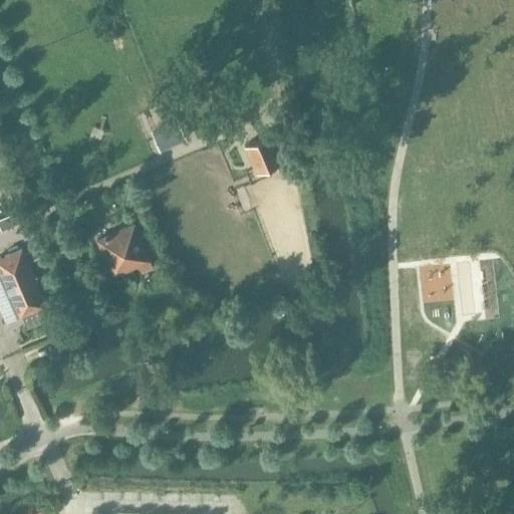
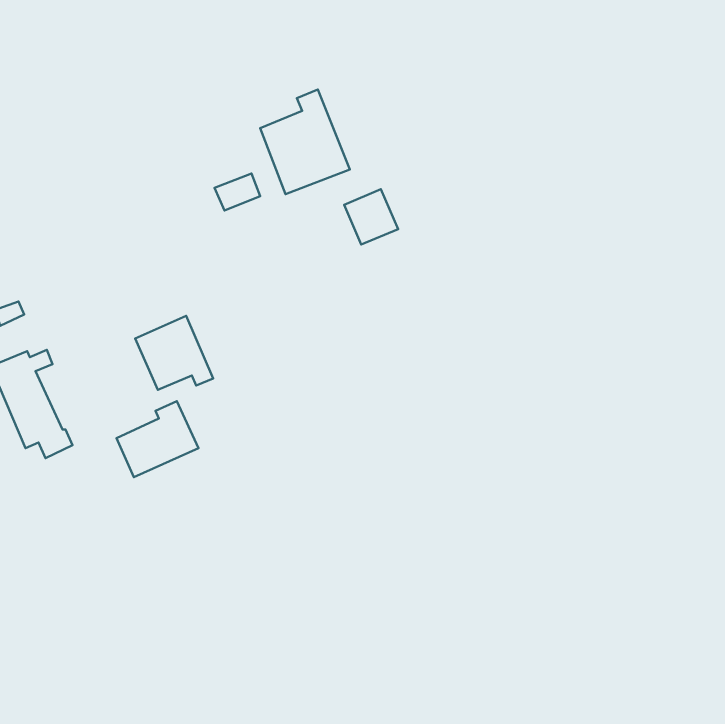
building: none -> [260,89,350,194]
building: none -> [116,401,199,477]

